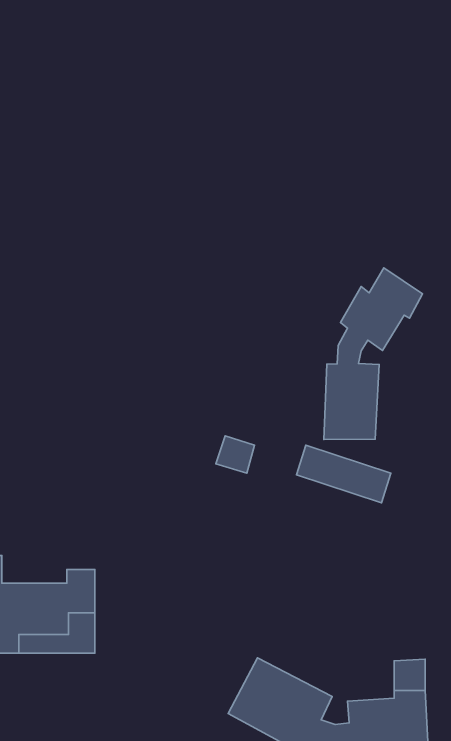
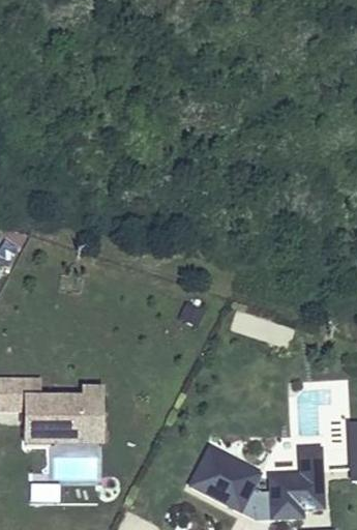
building: [324,268,423,439] -> none

